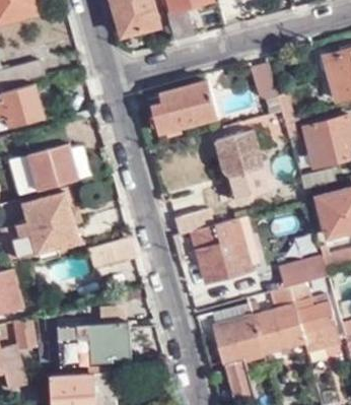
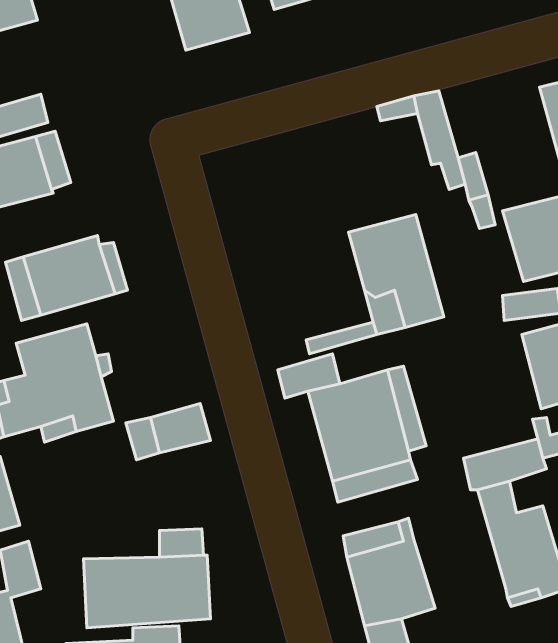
building: [150,81,216,133] -> none
building: [251,287,303,355] -> none

